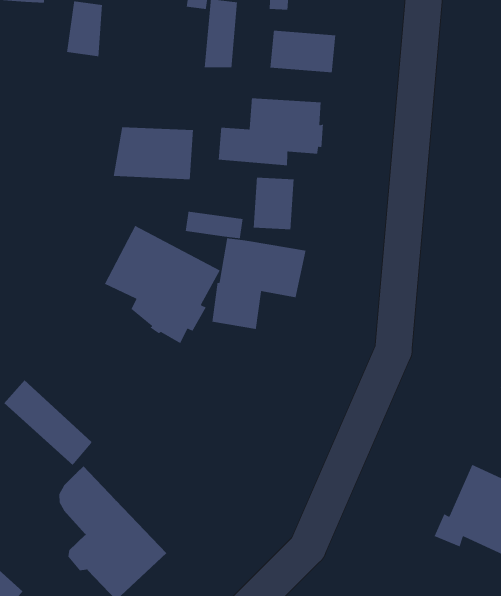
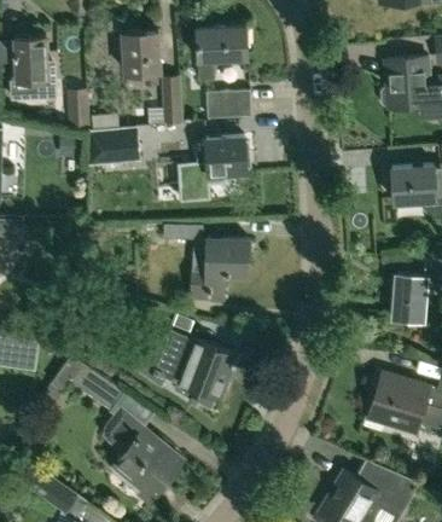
building: [113,127,194,180] -> [88,126,141,166]
building: [253,177,294,230] -> none
building: [104,225,221,344] -> [155,331,233,408]

